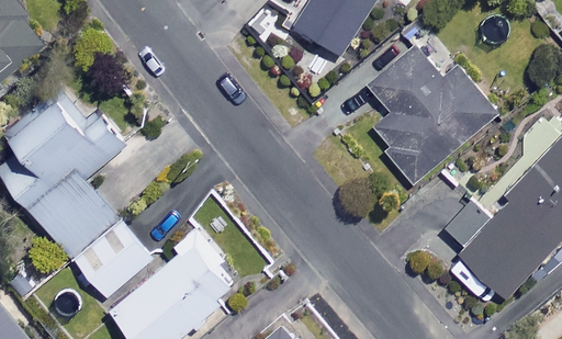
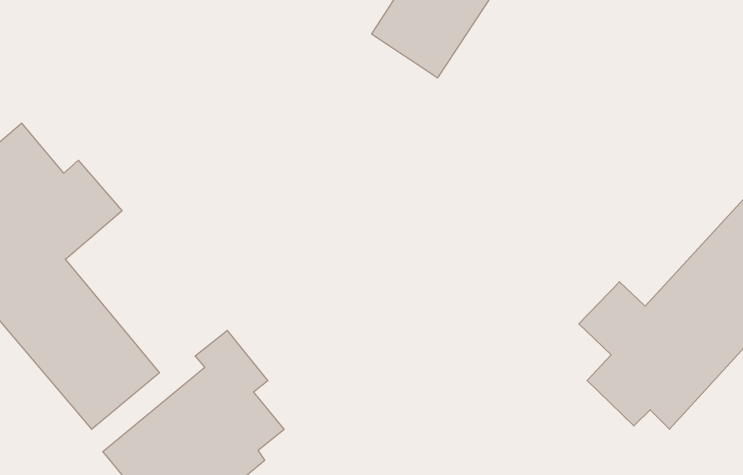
building: [361,39,493,179] -> none

